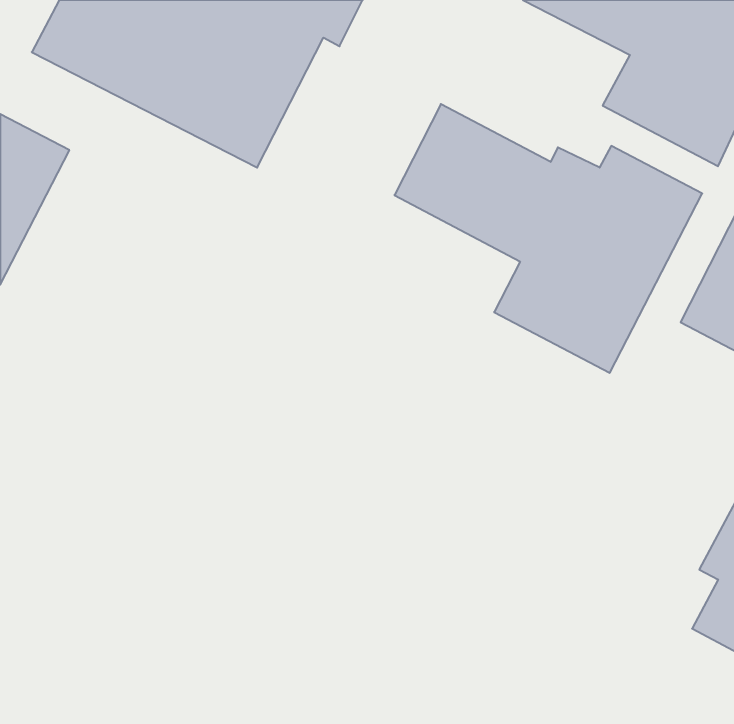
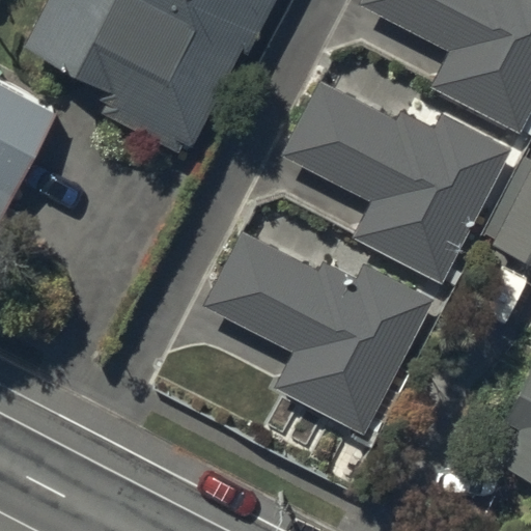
building: none -> [206,236,427,428]

